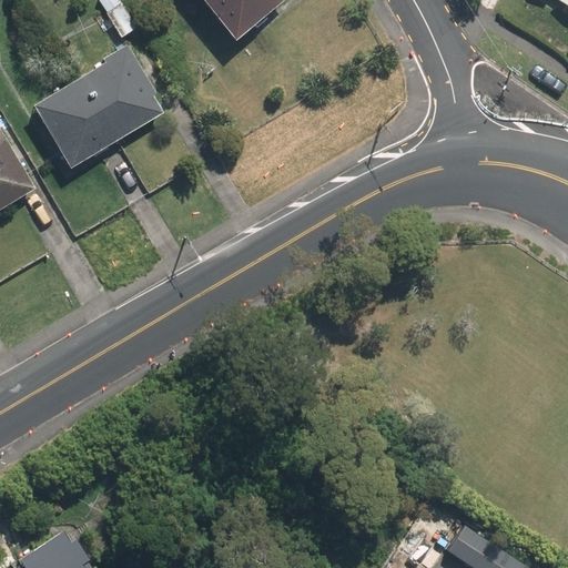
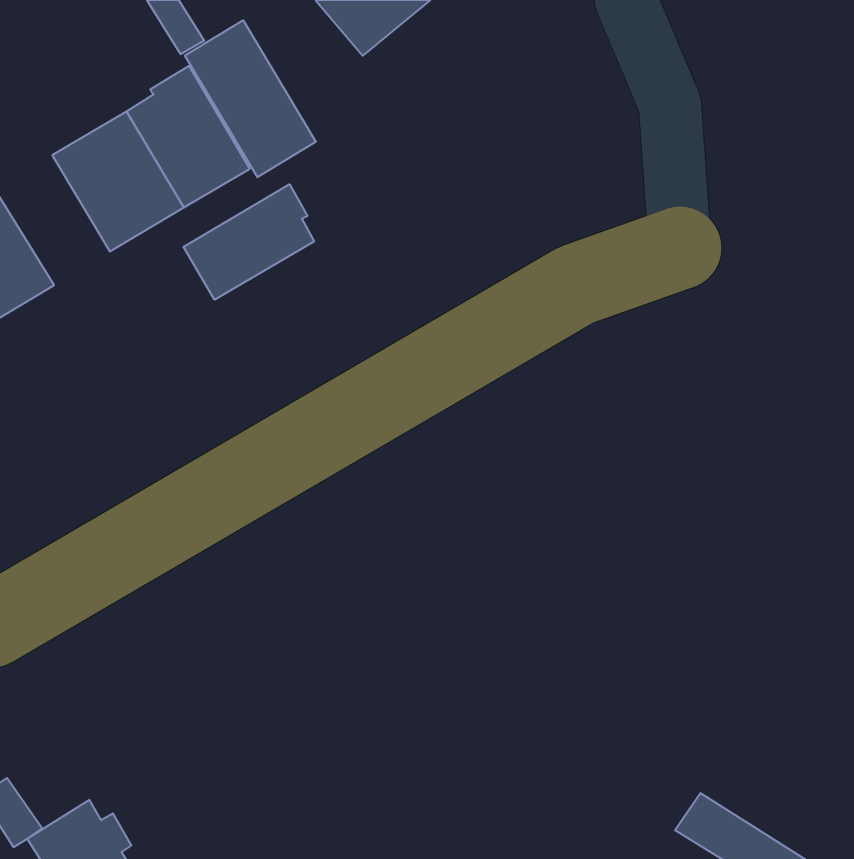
building: none -> [185,20,316,177]
building: none -> [183,184,314,300]

